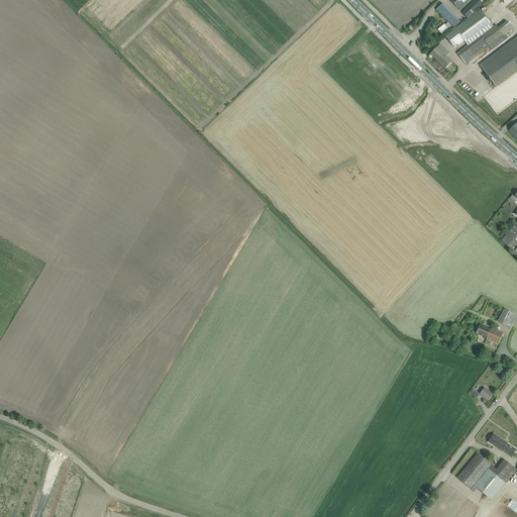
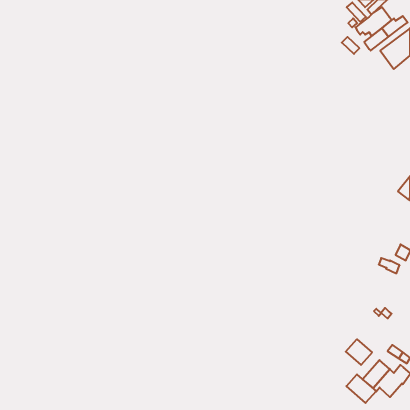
building: none -> [346,339,372,365]
building: none -> [346,374,376,403]

